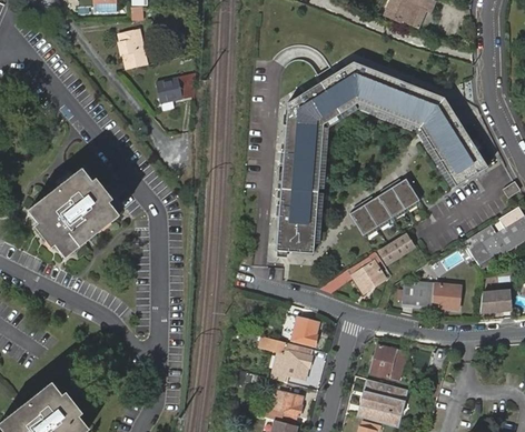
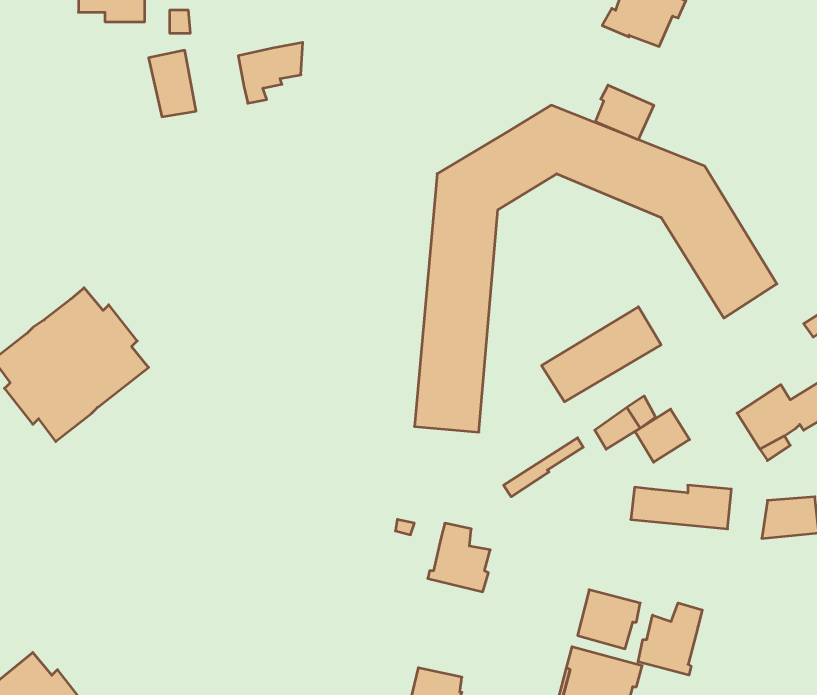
building: none -> [595,85,654,140]
building: [157,74,195,110] -> [238,42,303,103]
building: [353,262,385,293] -> [635,409,690,462]
building: [258,336,313,382] -> none
building: none -> [638,603,702,675]

